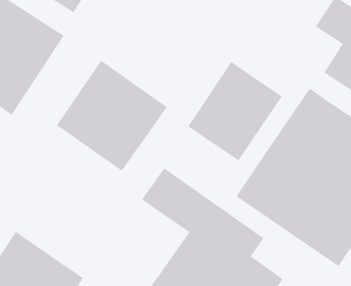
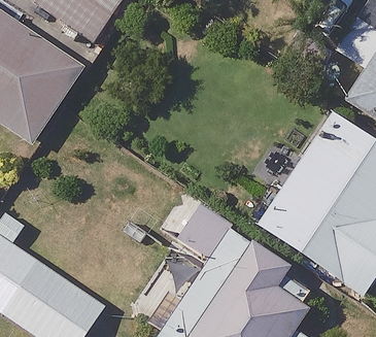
building: [56,60,168,171] -> none
building: [187,61,283,161] -> none

